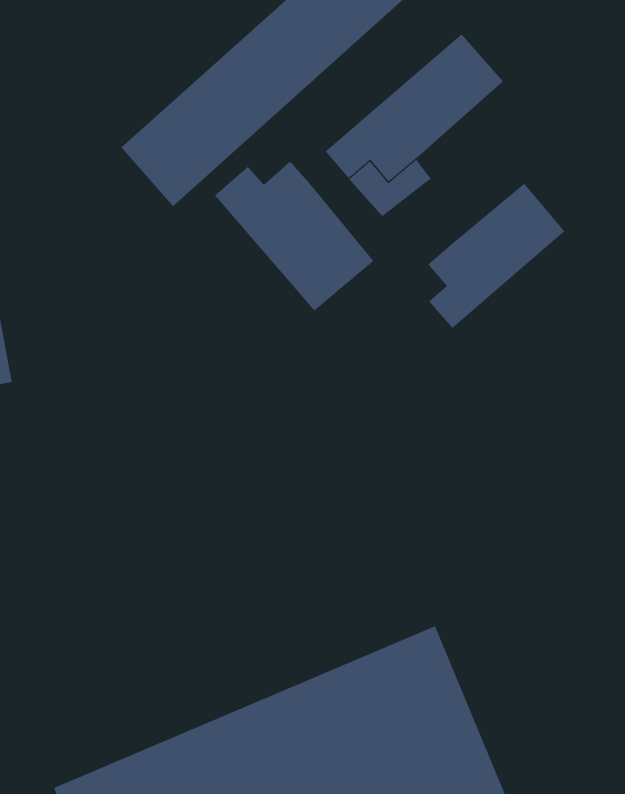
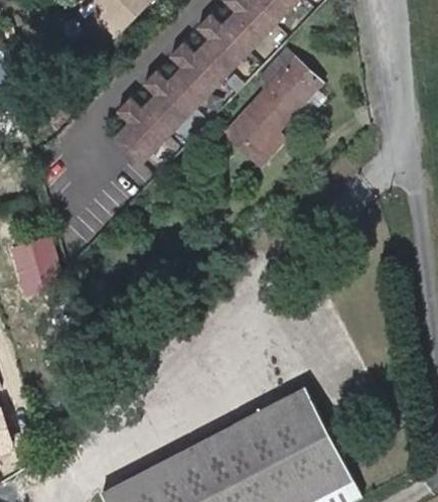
building: [214,161,374,312] -> none
building: [428,183,565,329] -> none

